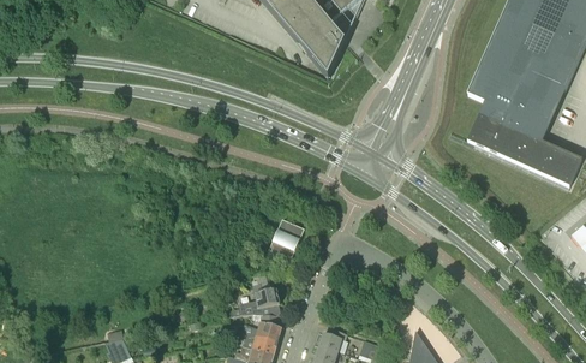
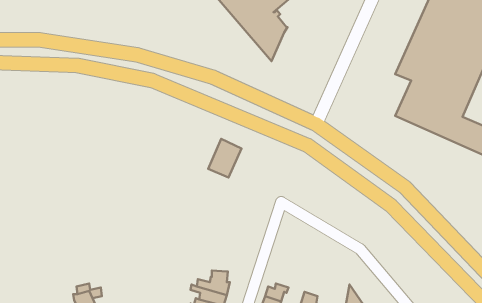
building: [268,218,305,261] -> [208,139,241,177]
building: [223,288,280,316] -> none

